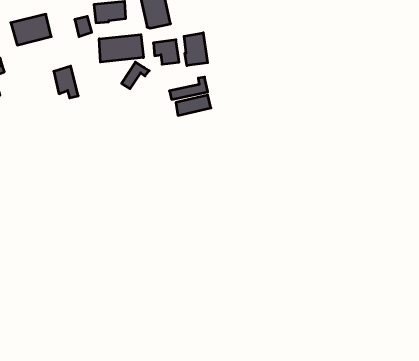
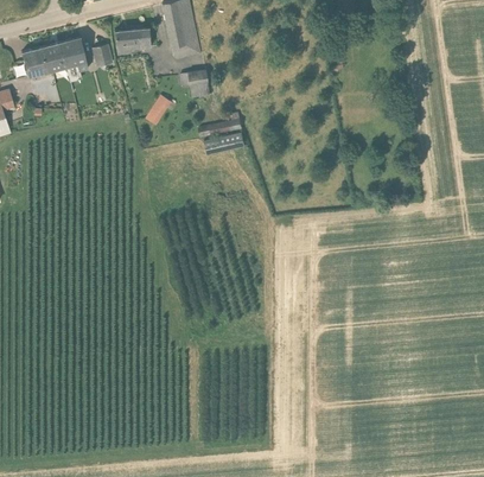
building: [184,33,208,66] -> none
building: [99,35,143,62] -> none
building: [54,66,78,98] -> [61,36,88,71]

